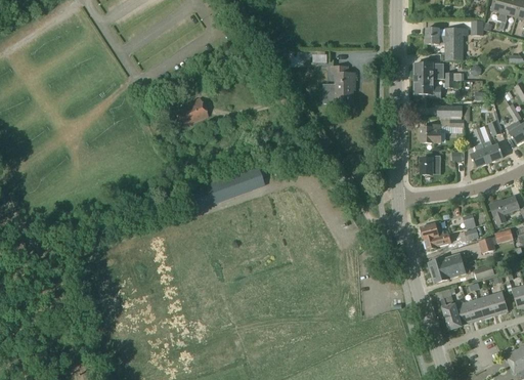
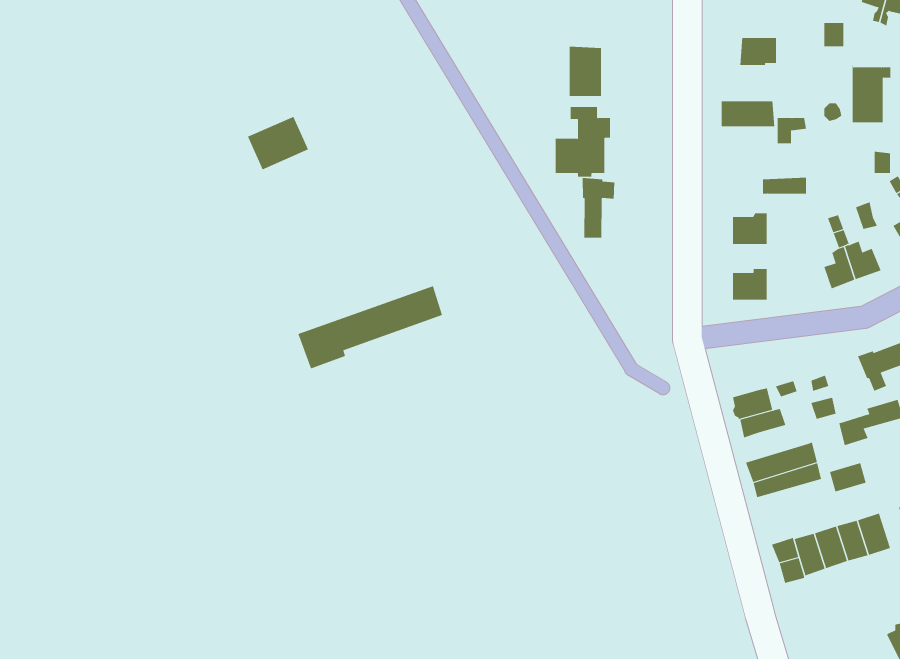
building: [445,28,467,59] -> [852,65,891,123]
building: none -> [569,46,602,97]
building: [414,78,440,97] -> none
building: [175,96,209,126] -> [247,116,309,170]
building: none -> [582,177,615,238]

